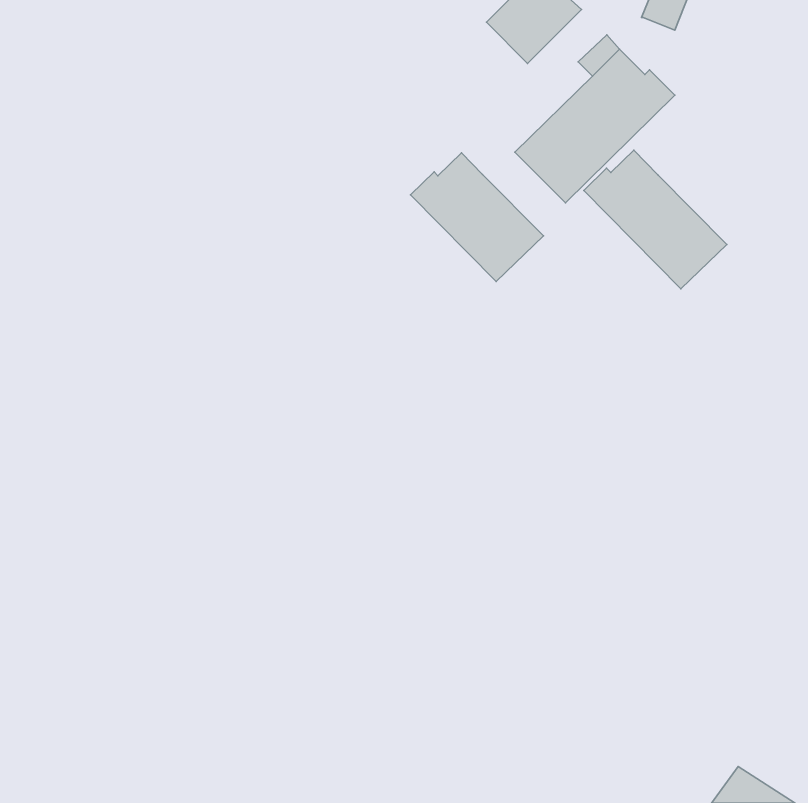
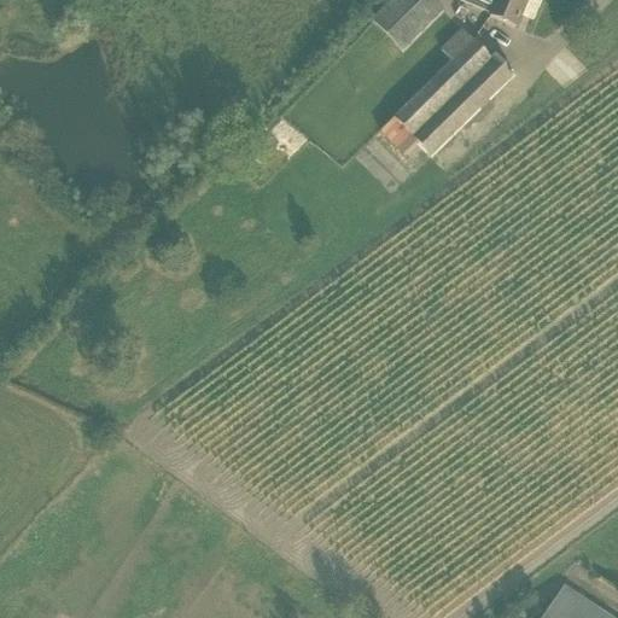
building: [584,150,727,289] -> none
building: [411,153,543,282] -> none

